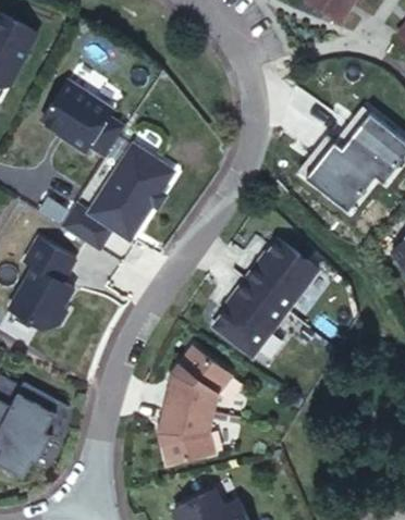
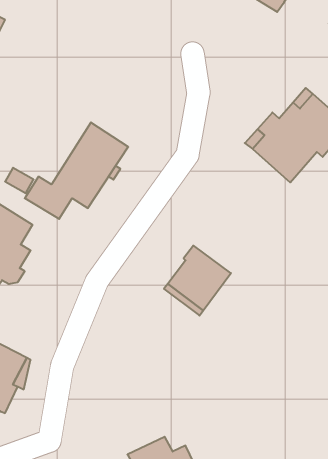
building: [41,81,124,157] -> none
building: [246,240,318,310] -> none
building: [160,348,233,463] -> none

